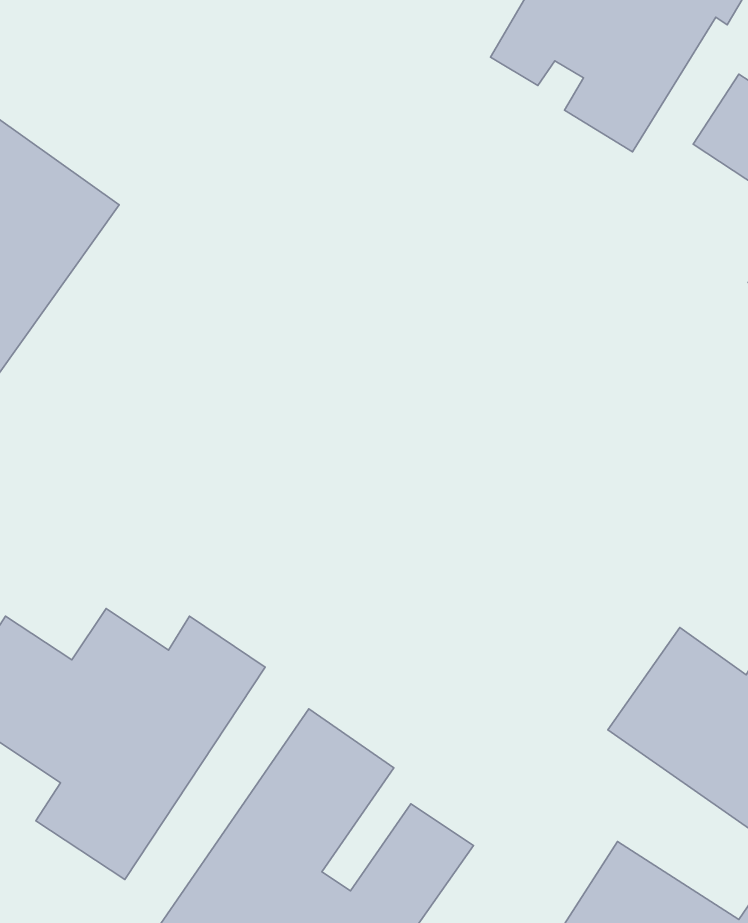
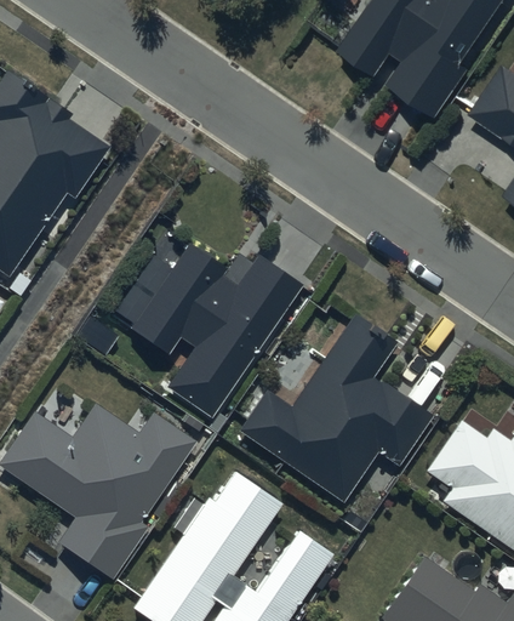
building: none -> [127,245,302,415]
building: none -> [238,317,432,502]

